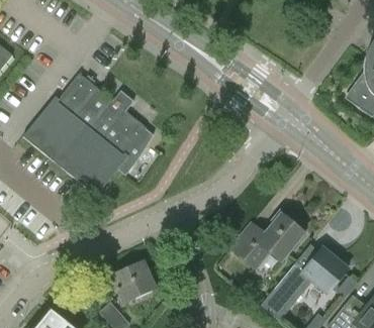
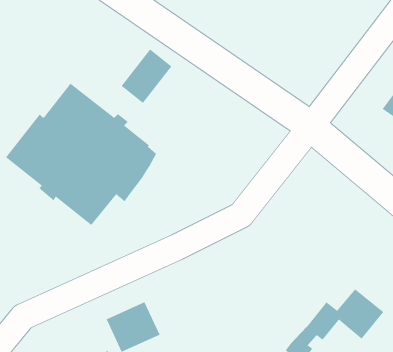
building: none -> [121,49,172,104]
building: [230,215,303,267] -> none

